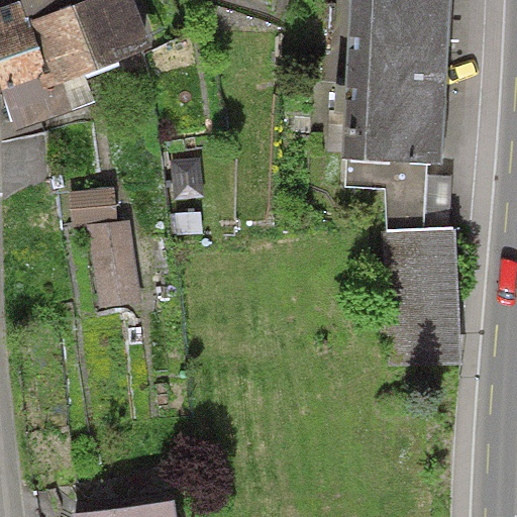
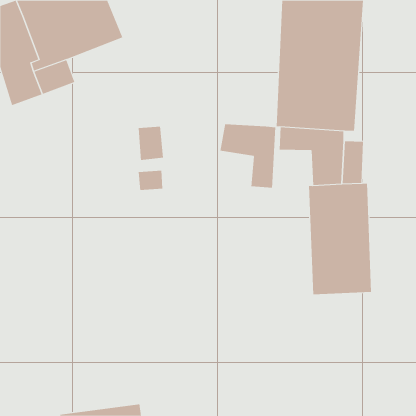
building: none -> [220,124,276,189]
building: [67,186,139,307] -> none

